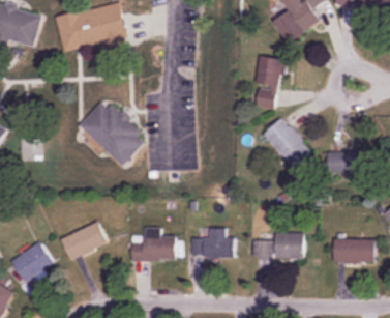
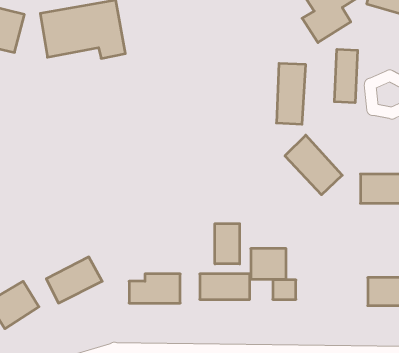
building: none -> [334,49,358,103]
building: [78,103,145,167] -> none
building: none -> [215,224,240,264]
building: [274,232,304,258] -> [251,249,286,279]

